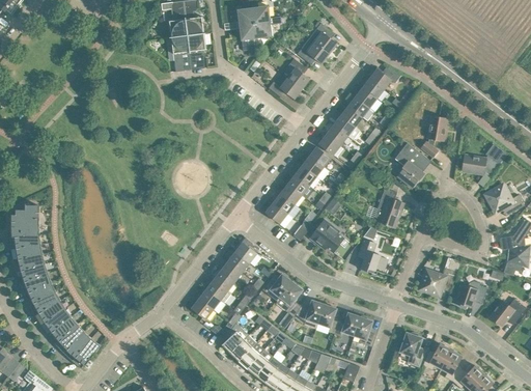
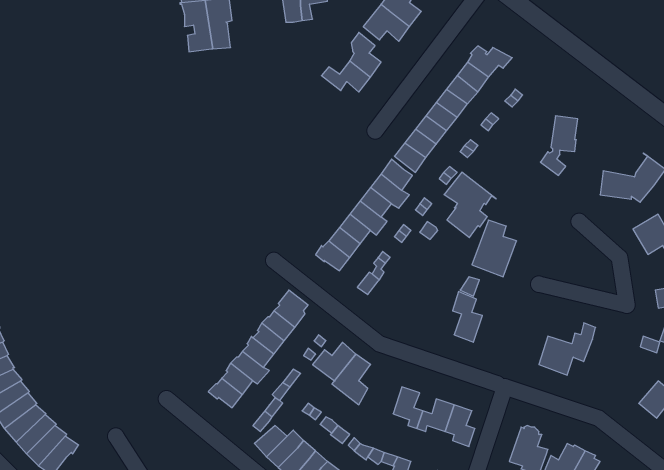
building: [394,142,430,188] -> [444,172,496,238]
building: [309,219,348,251] -> none
building: [454,280,486,308] -> none
building: [294,300,324,328] -> none

